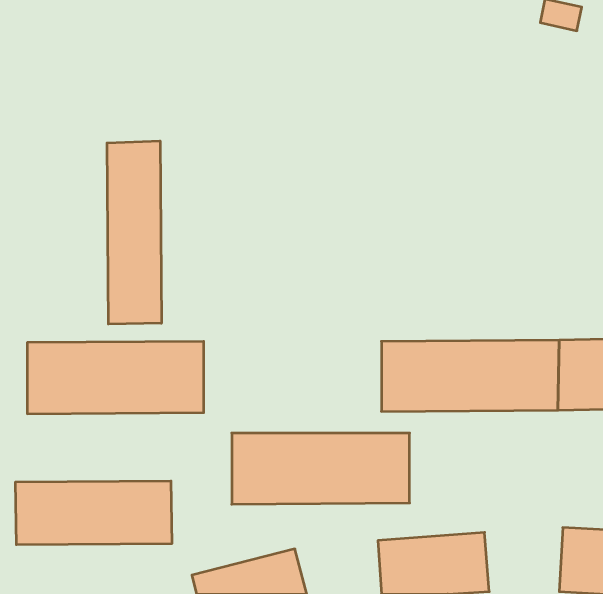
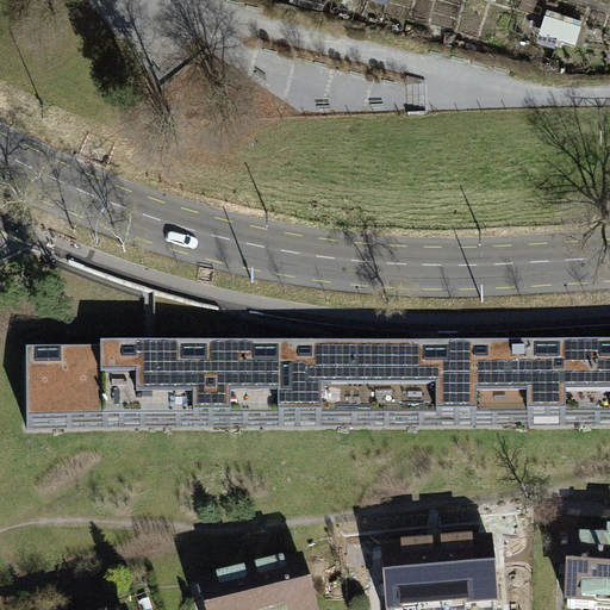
building: [107,141,161,324] -> none
building: [232,433,410,504] -> [207,343,386,415]
building: [16,481,172,545] -> none

